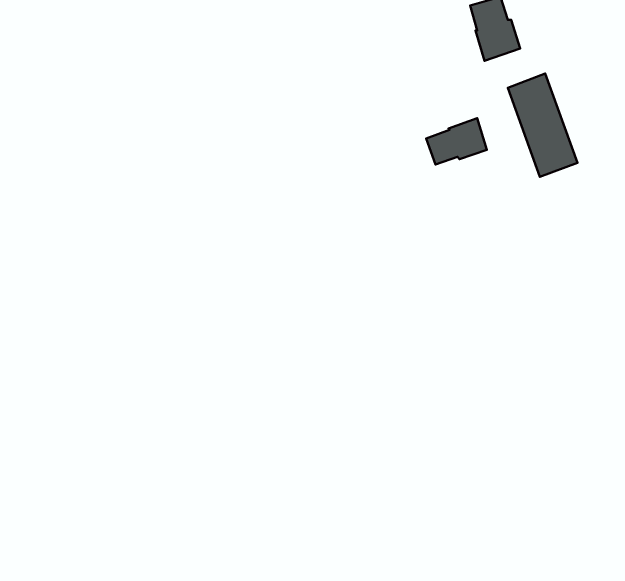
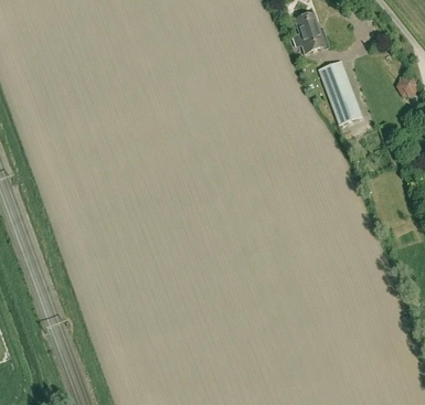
building: [426,118,487,164] -> none

